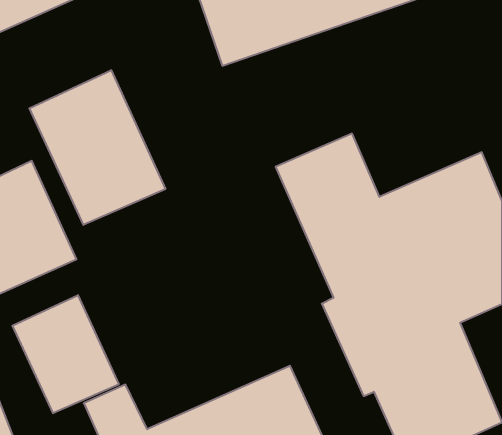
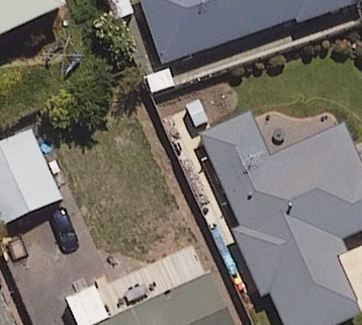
building: [29,70,165,225] -> none
building: [12,295,119,413] -> none

